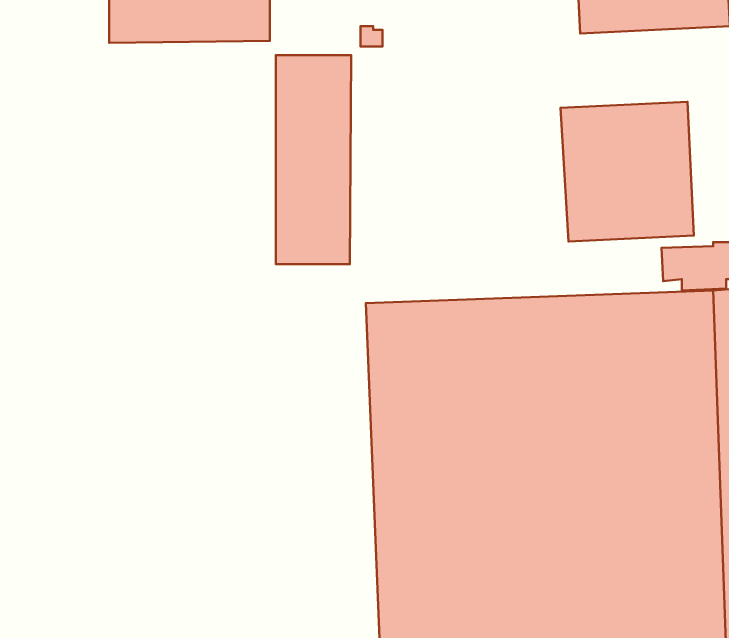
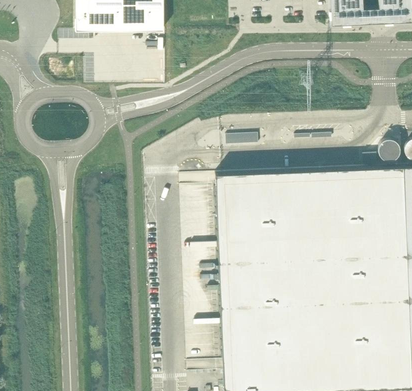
building: [276,55,351,264] -> none
building: [560,102,694,241] -> none

